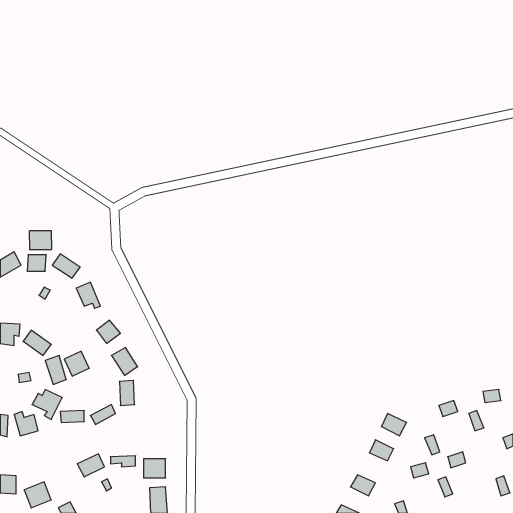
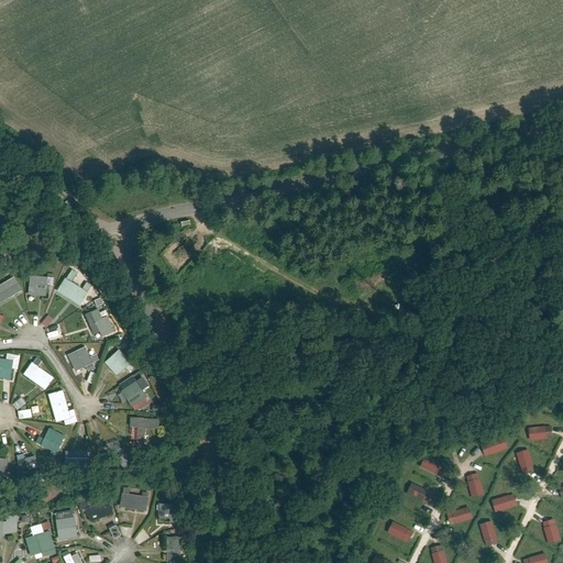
building: [30,231,51,250] -> none
building: [64,351,89,376] -> [68,345,96,373]
building: none -> [57,509,79,539]

